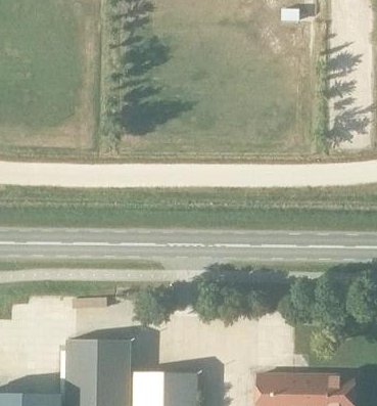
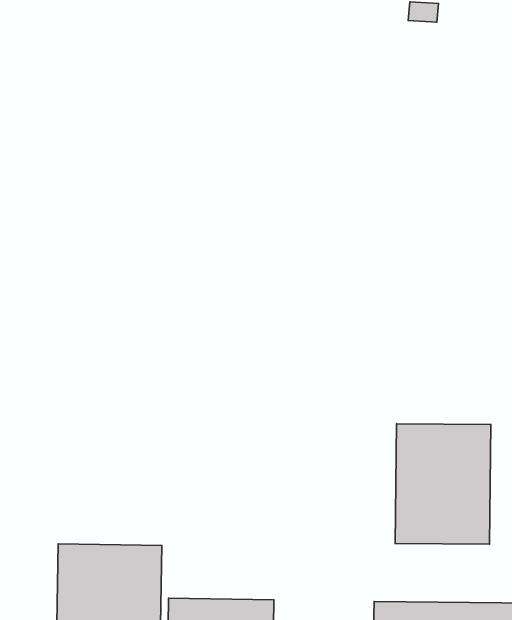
building: none -> [395,424,491,544]

